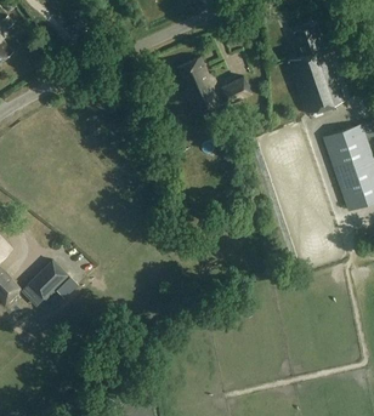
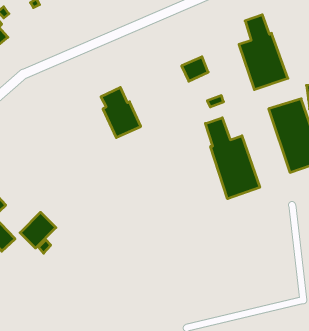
building: [177,56,225,115] -> [101,87,141,138]
building: none -> [205,118,260,199]

